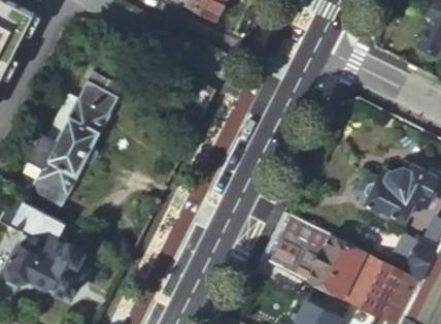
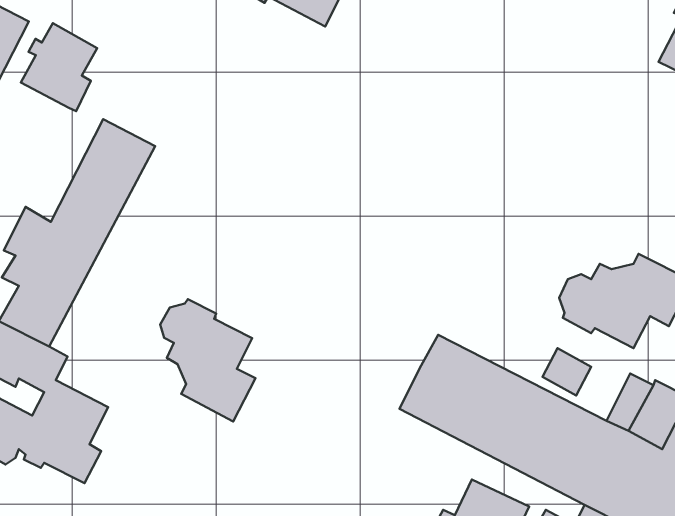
building: none -> [21,23,97,111]
building: none -> [160,299,255,421]

